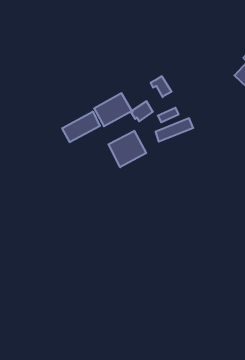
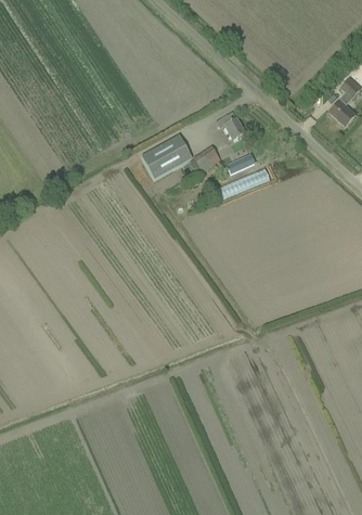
building: [62,111,100,142] -> none
building: [108,131,146,167] -> none

